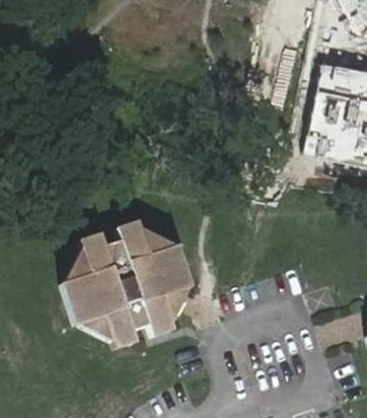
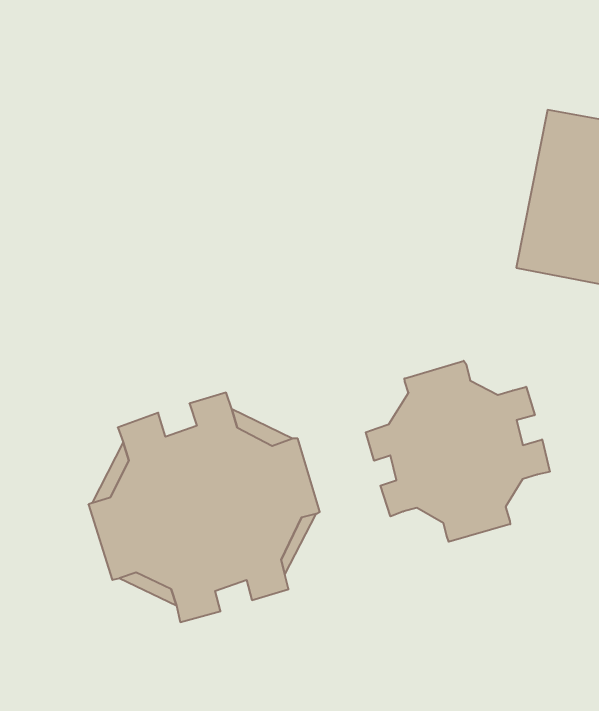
building: none -> [366,361,550,542]

